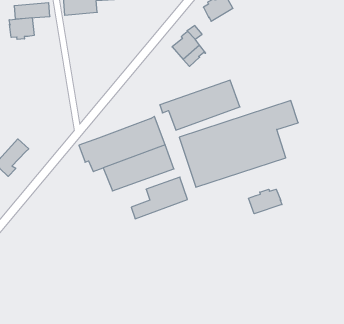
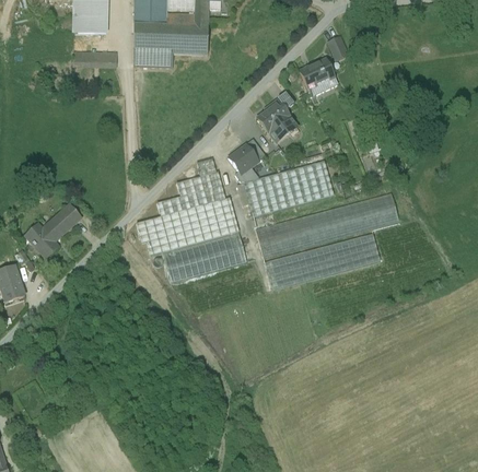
building: [9,18,34,39] -> none
building: none -> [229,144,259,174]
building: [131,177,187,219] -> [156,172,224,216]
building: [248,189,282,214] -> none

